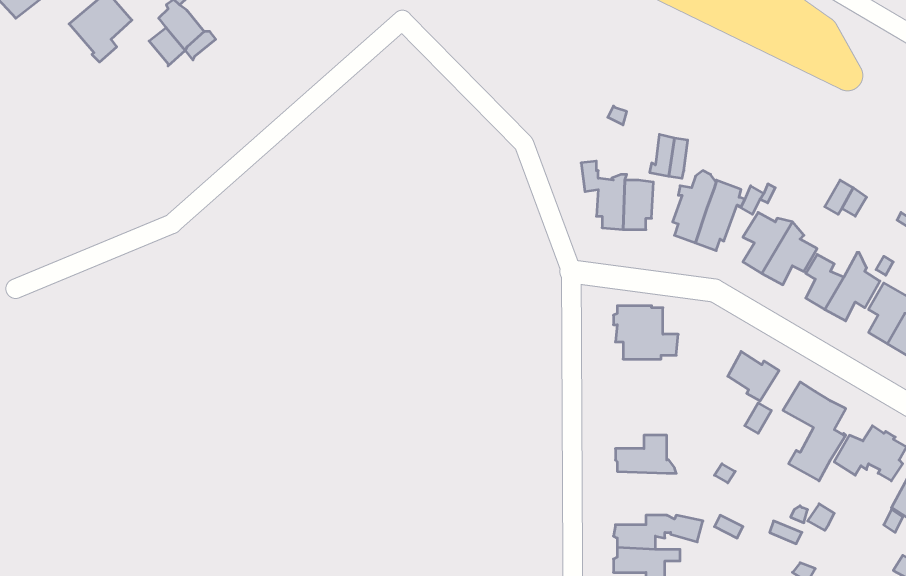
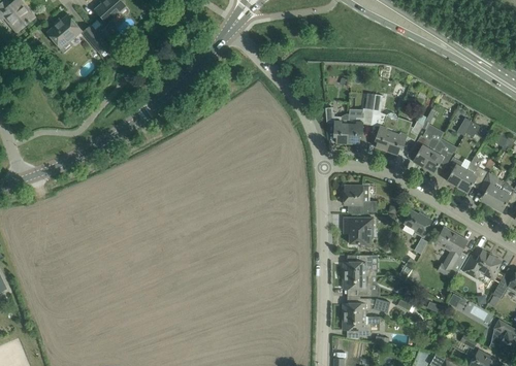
building: none -> [344,218,374,246]
building: none -> [344,274,372,296]

